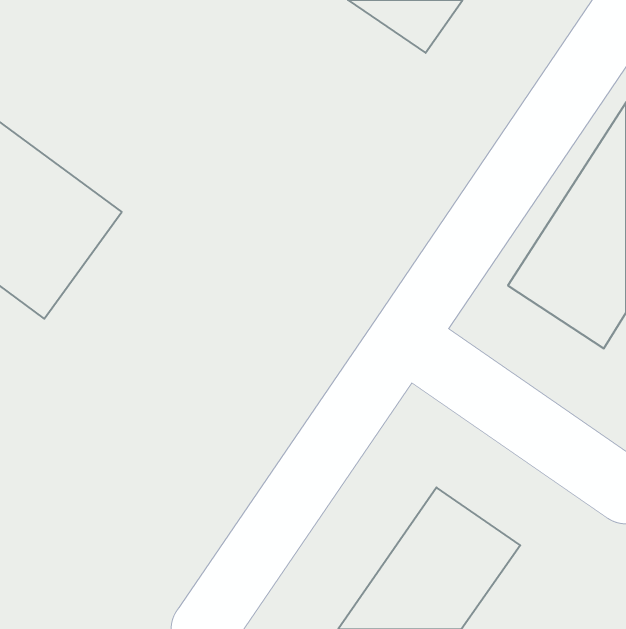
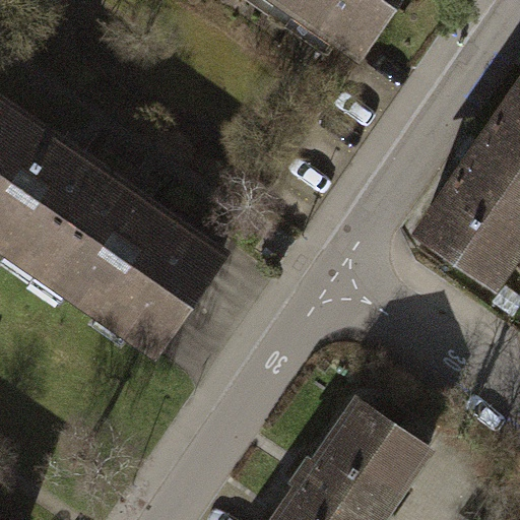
building: none -> [37,175,210,341]

